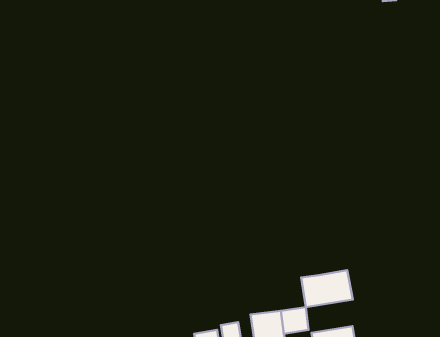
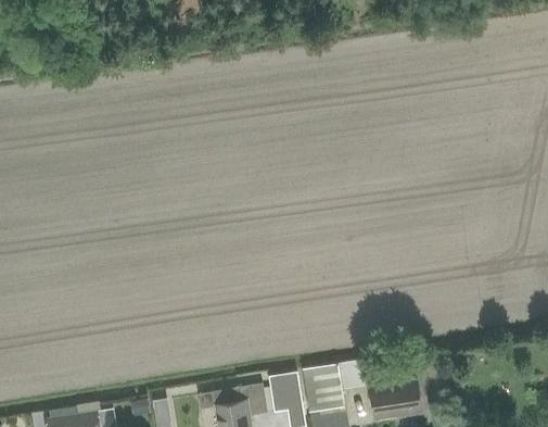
building: [301,270,353,307] -> none

